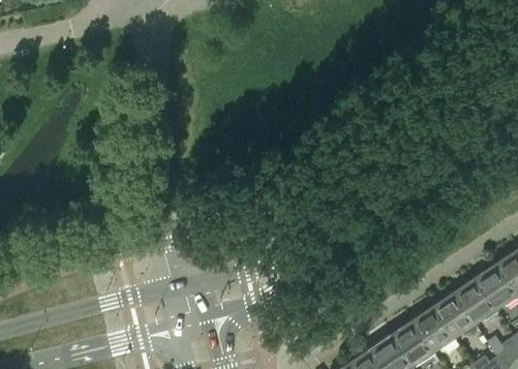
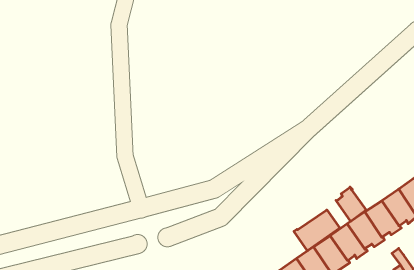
building: none -> [336,187,366,221]
building: none -> [294,210,340,251]

